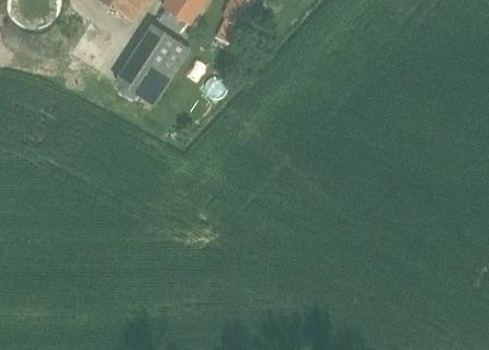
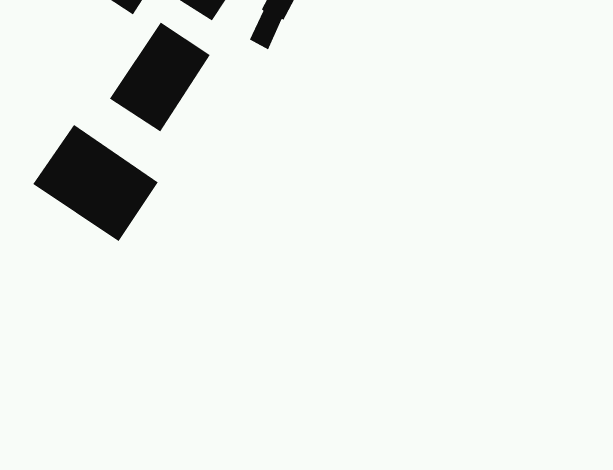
building: none -> [32,124,159,242]

